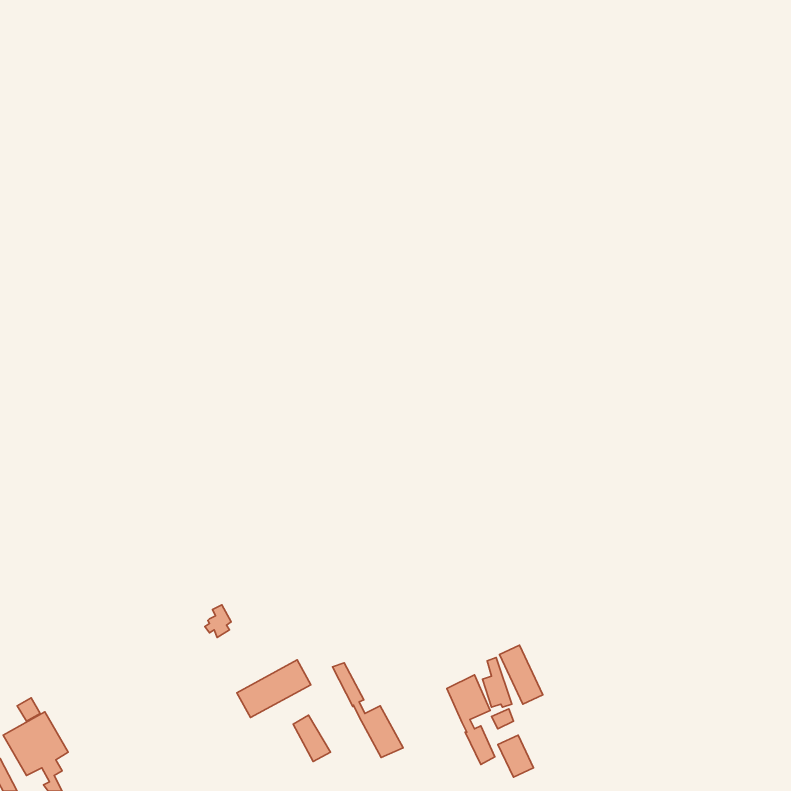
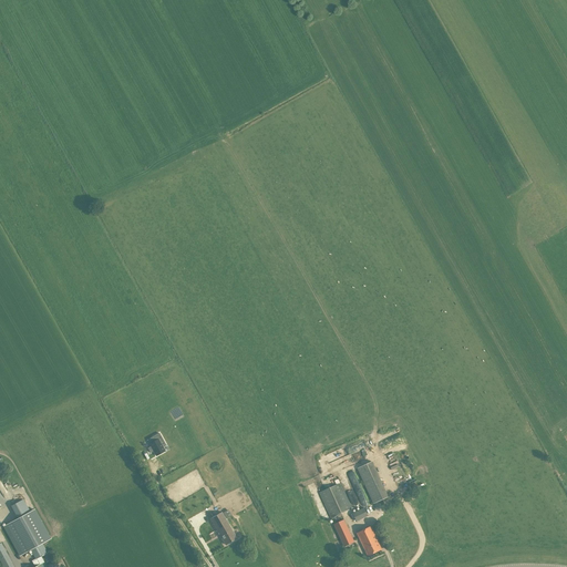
building: [237,660,311,718] -> none
building: [332,663,403,758] -> none

